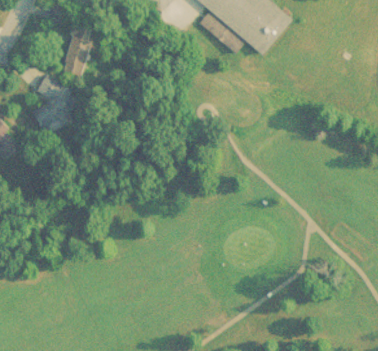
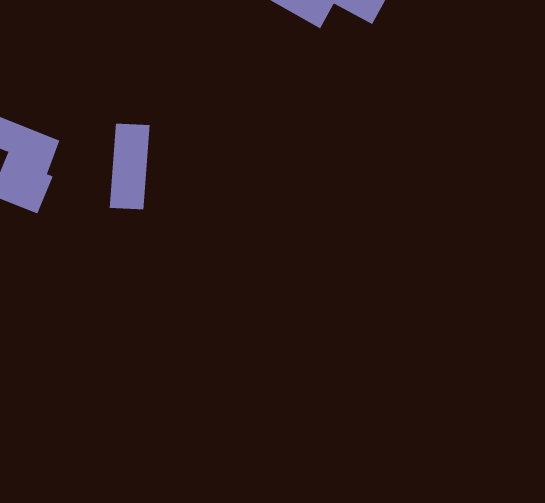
building: [61,23,92,75] -> [109,123,151,210]

